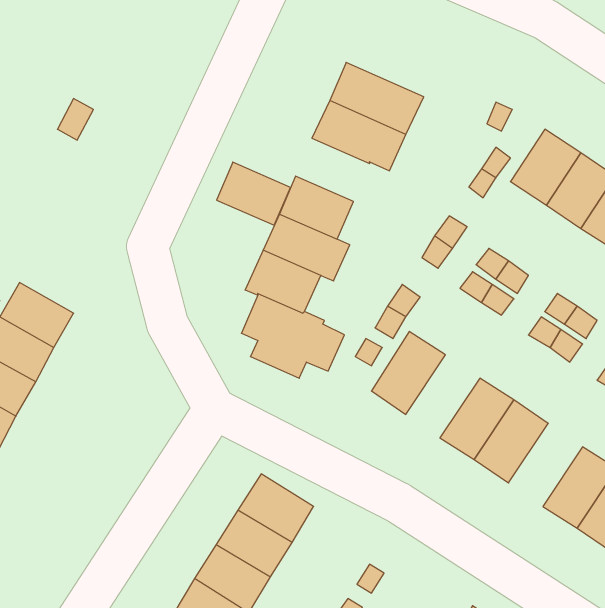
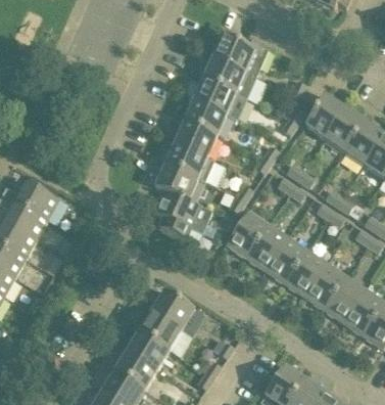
building: none -> [211,33,268,77]
building: [217,162,291,225] -> [183,100,225,136]
building: none -> [245,223,287,270]
building: none -> [303,262,345,309]

